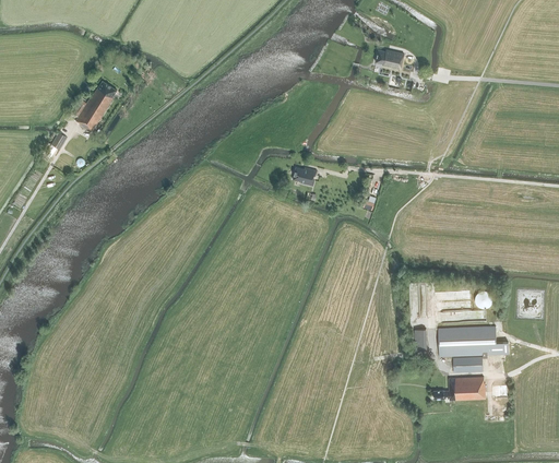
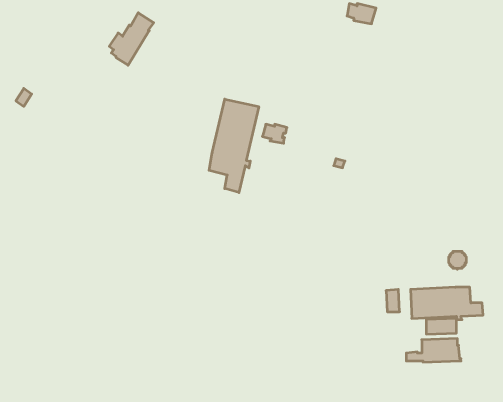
building: [73,81,117,132] -> [109,13,154,65]
building: none -> [209,99,259,193]

